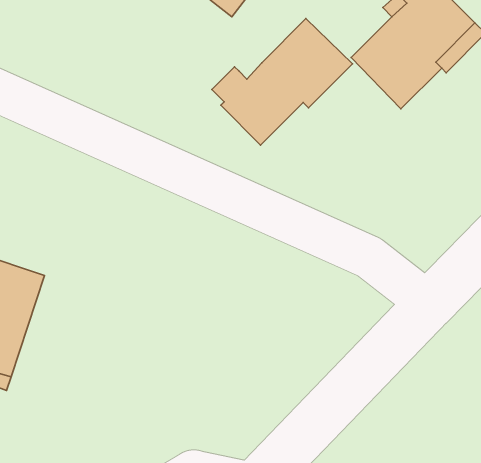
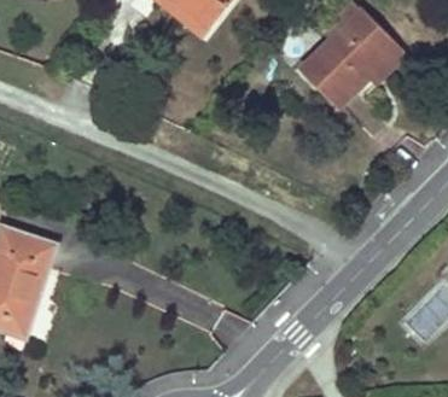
building: [212,19,353,145] -> none

